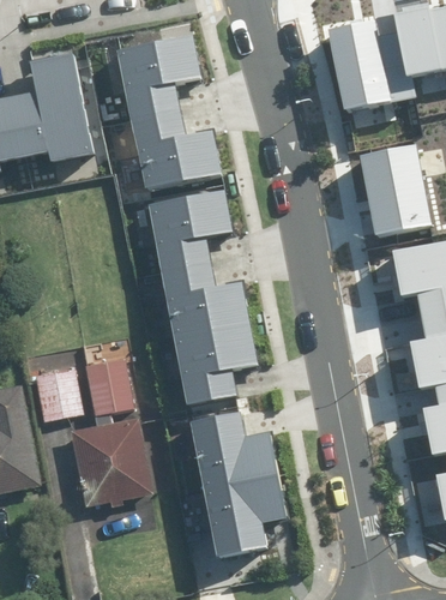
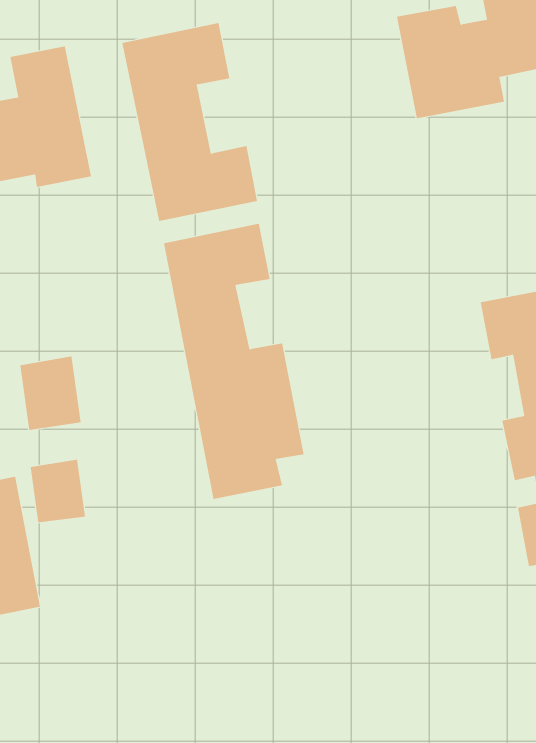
building: [357,144,428,233] -> none
building: [90,359,138,416] -> [19,356,81,430]
building: [188,412,287,554] -> none
building: [76,419,156,506] -> none

